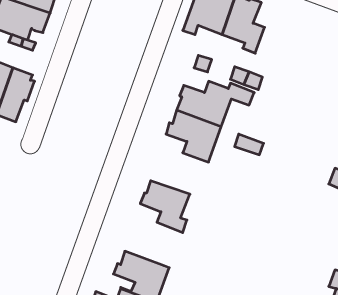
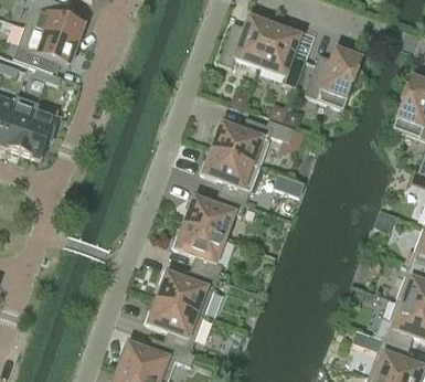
building: none -> [305,44,362,108]
building: none -> [184,192,246,236]
building: none -> [157,266,219,312]

